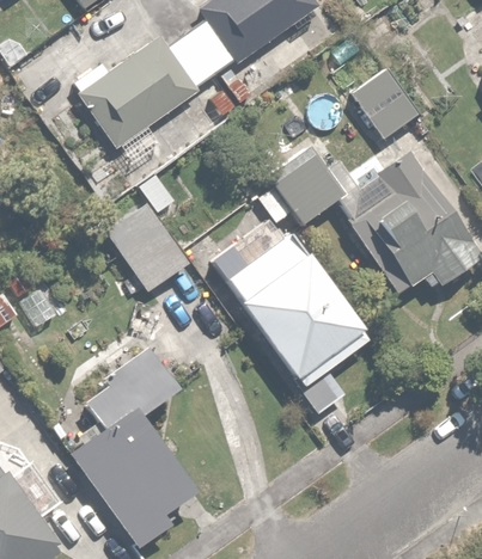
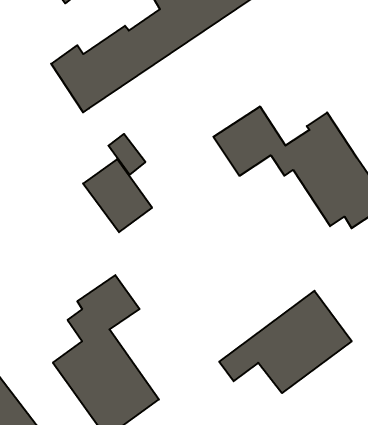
building: [350,68,419,139] -> none
building: [224,232,367,383] -> none
building: none -> [219,291,352,393]

